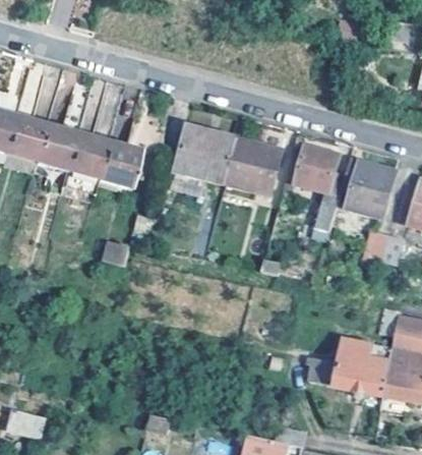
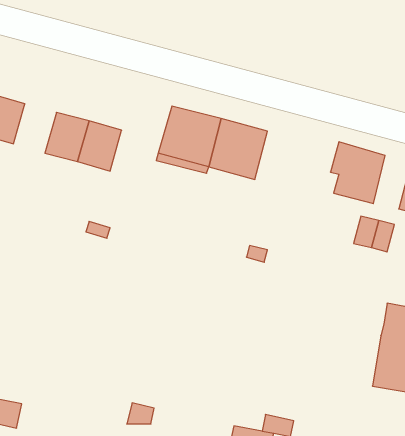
building: [35,122,76,170] -> none
building: [294,145,346,239] -> none
building: [305,338,390,396] -> none

